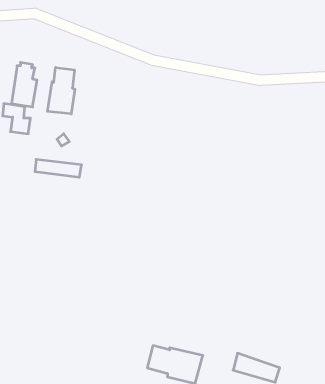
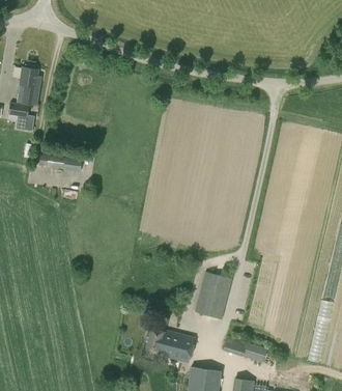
building: [47,67,75,114] -> none
building: none -> [195,272,232,319]

